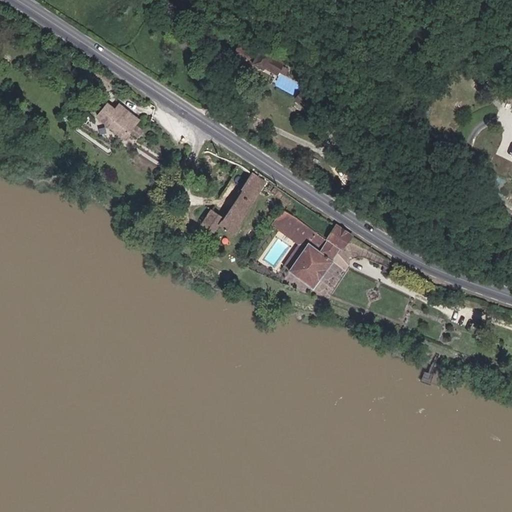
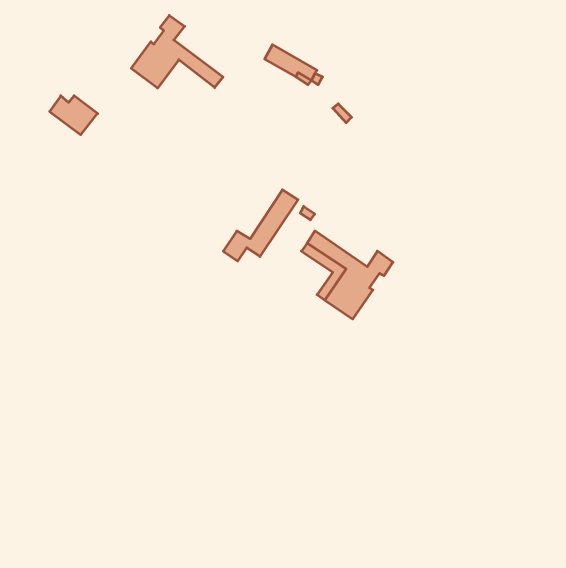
building: none -> [131,15,223,88]
building: [98,105,141,140] -> [50,96,98,135]

